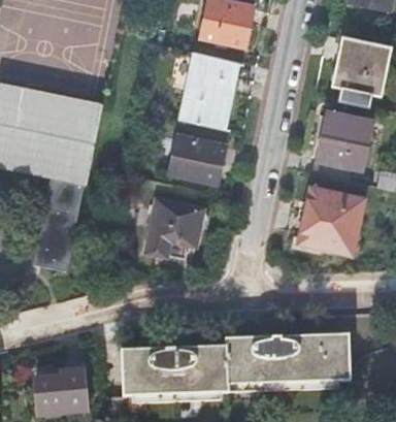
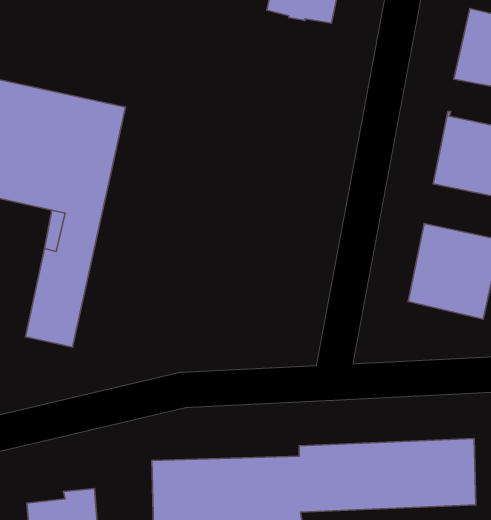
building: [182,52,238,128] -> none
building: [170,134,226,182] -> none
building: [146,198,204,256] -> none

